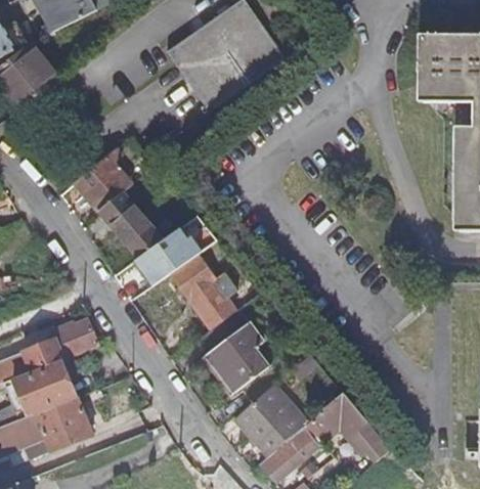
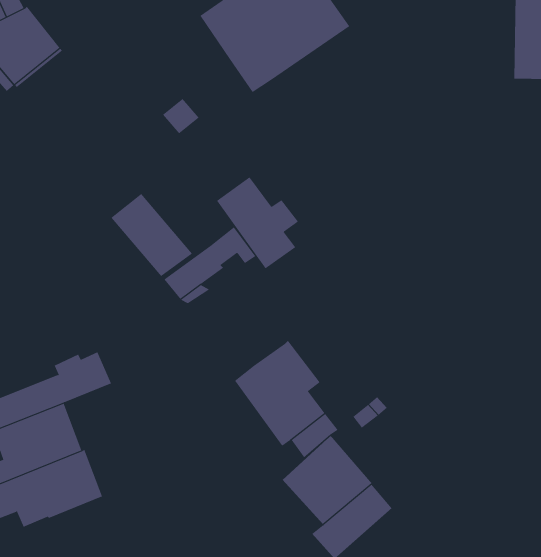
building: [75,148,132,212] -> none
building: [172,256,237,329] -> [216,176,299,269]
building: [312,394,389,462] -> none

